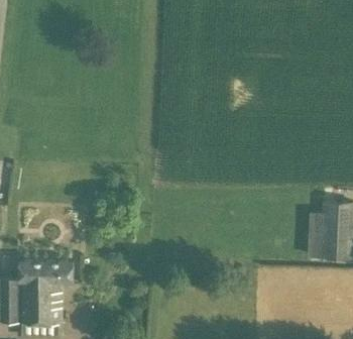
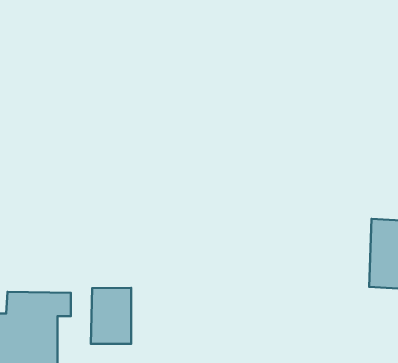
building: none -> [91,288,131,344]

